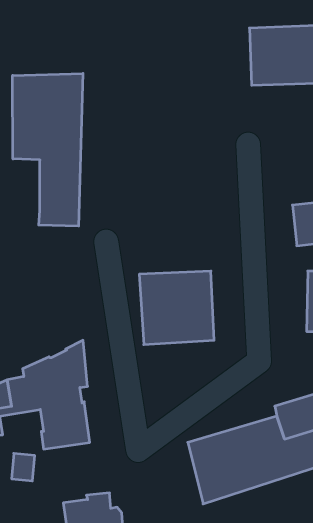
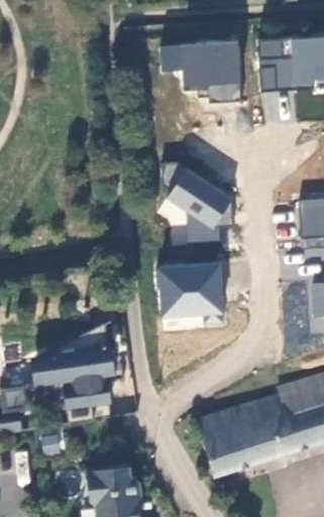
building: none -> [160,41,240,100]
building: [13,73,83,226] -> none
building: none -> [159,176,233,248]

